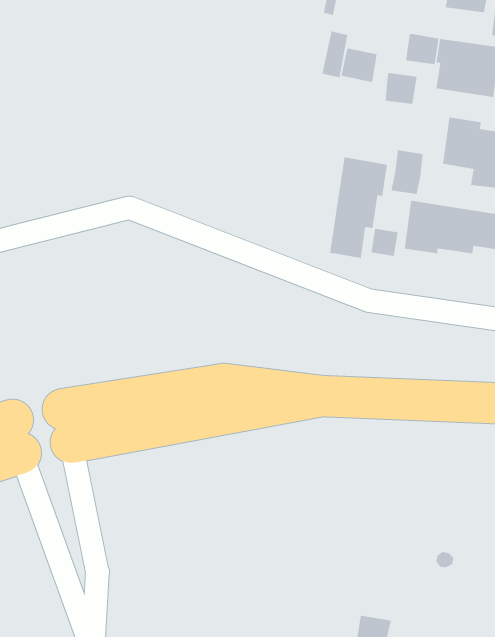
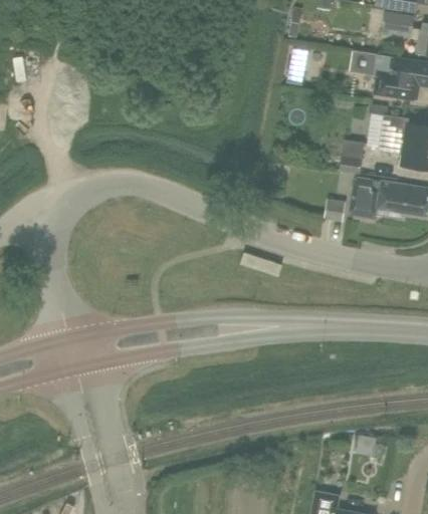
building: [341,48,377,83] -> none
building: [385,72,417,105] -> none
building: [329,156,388,259] -> none

